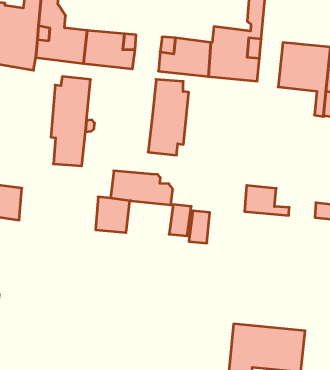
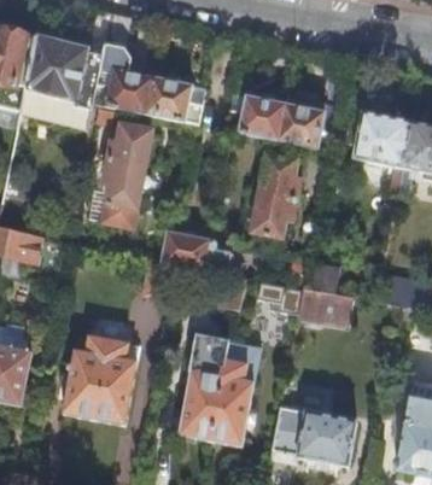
building: [148,79,189,155] -> [251,154,300,238]
building: none -> [298,288,354,323]
building: none -> [180,334,261,446]
building: none -> [62,334,139,423]

